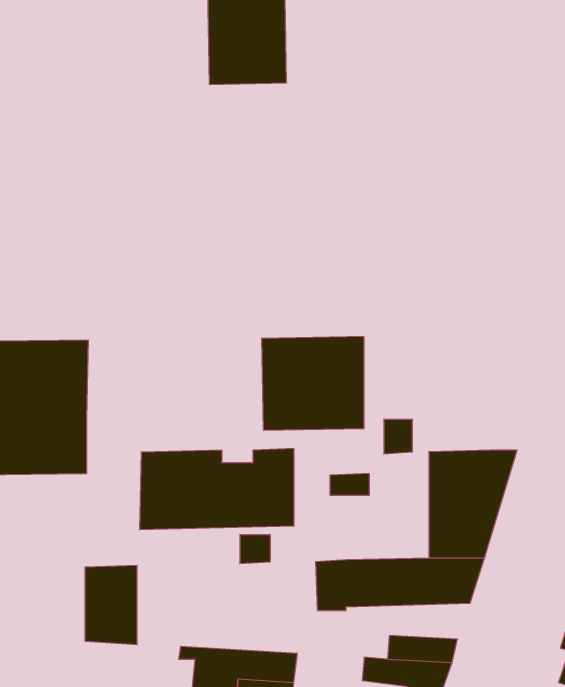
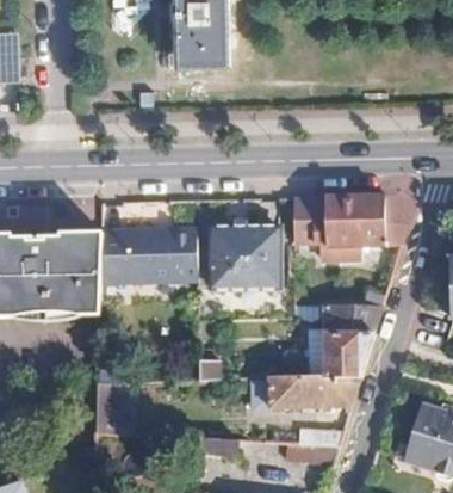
building: none -> [292,195,408,304]
building: [139,448,294,530] -> [97,229,199,283]

